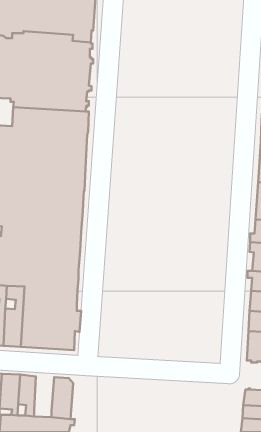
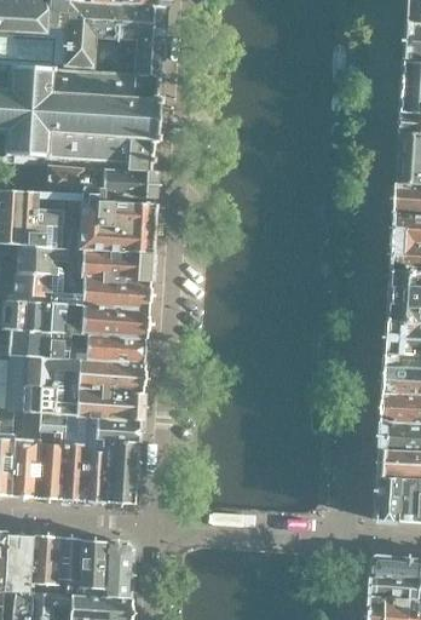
building: none -> [79,539,106,587]

